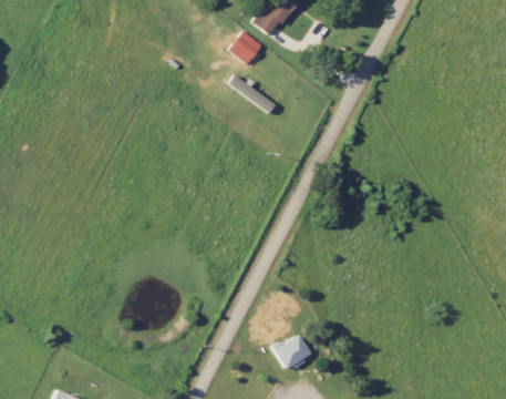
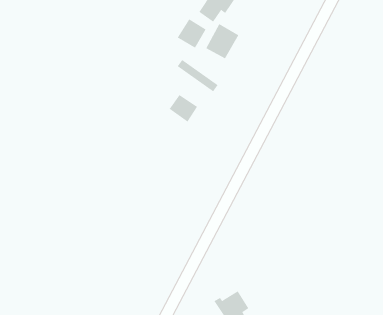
building: none -> [205,23,239,59]
building: none -> [169,94,198,123]

